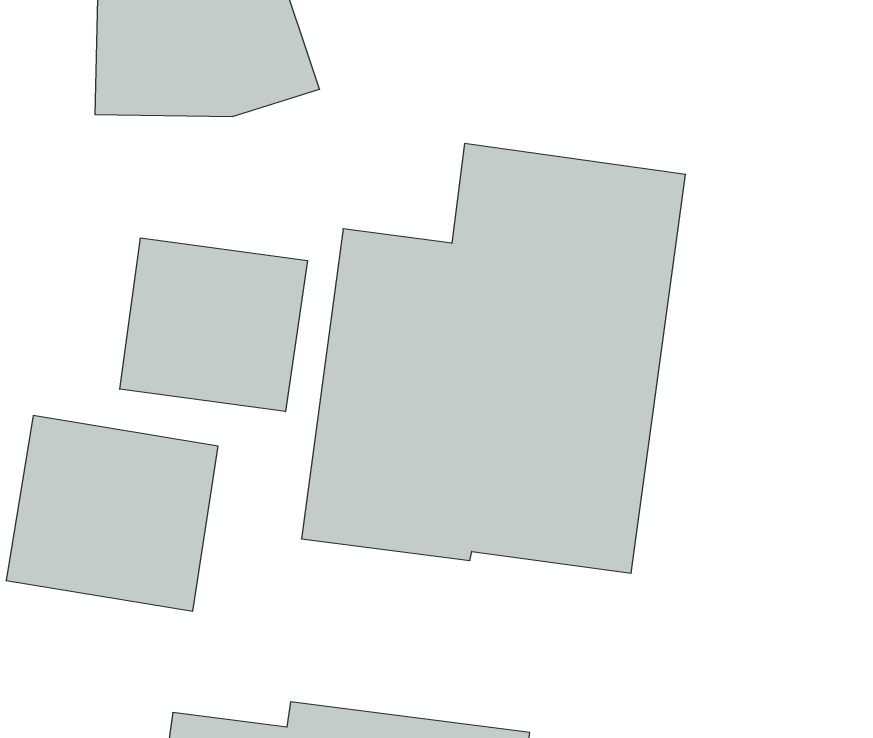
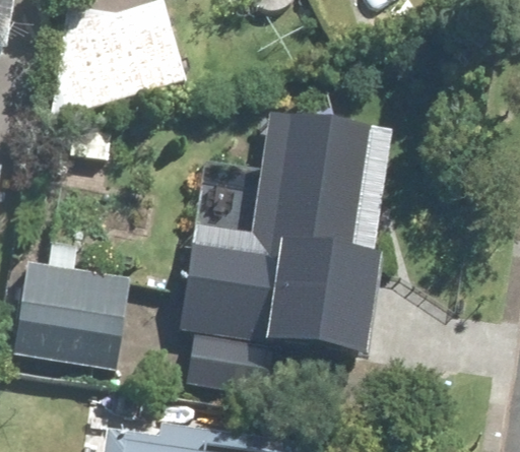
building: [120,238,308,412] -> none

